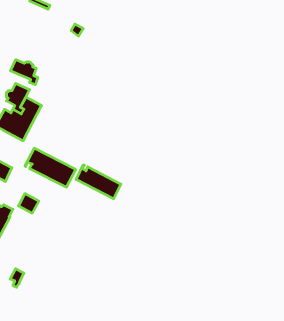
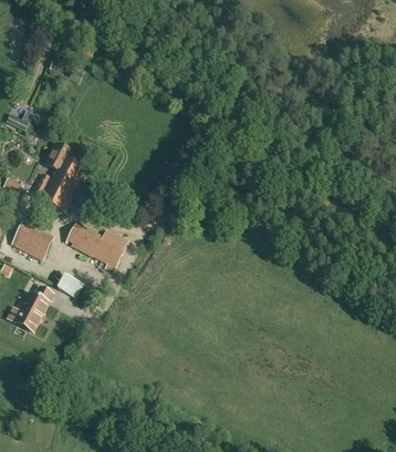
building: [11,60,38,85] -> none
building: [76,165,121,199] -> none

